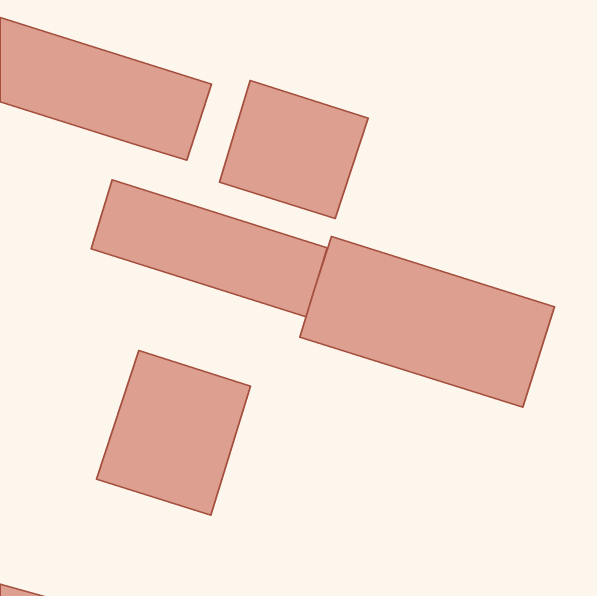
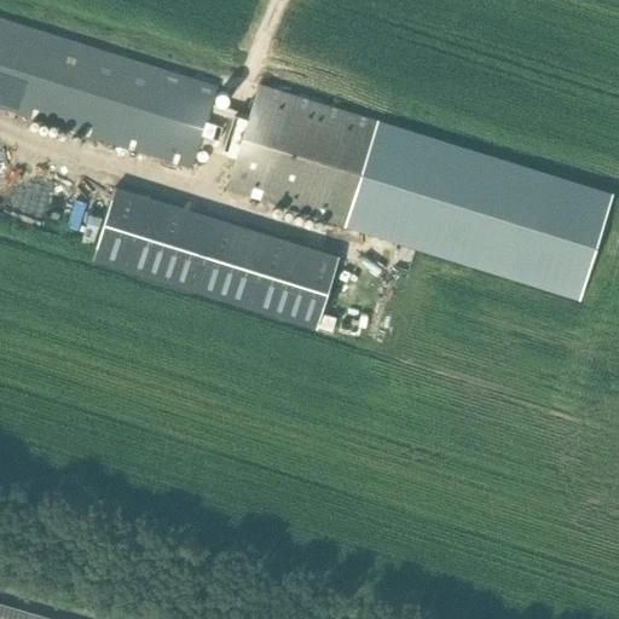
building: [300,237,554,407] -> [348,123,612,300]
building: [97,351,250,515] -> none

